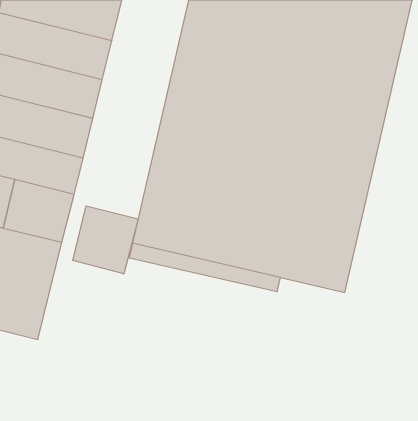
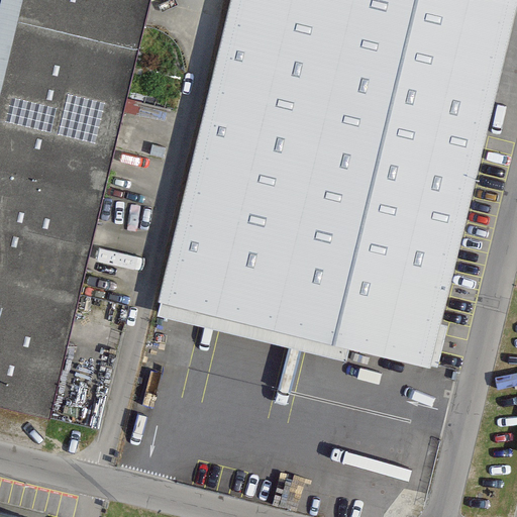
building: [73,206,138,274] -> none

